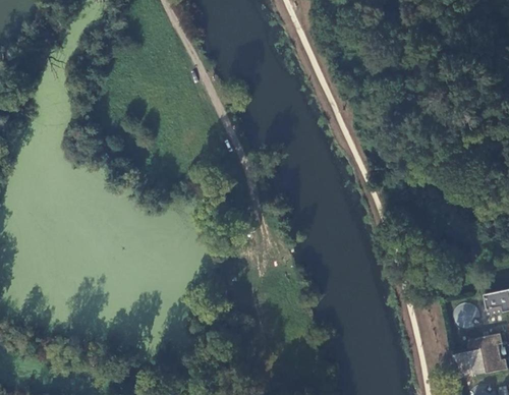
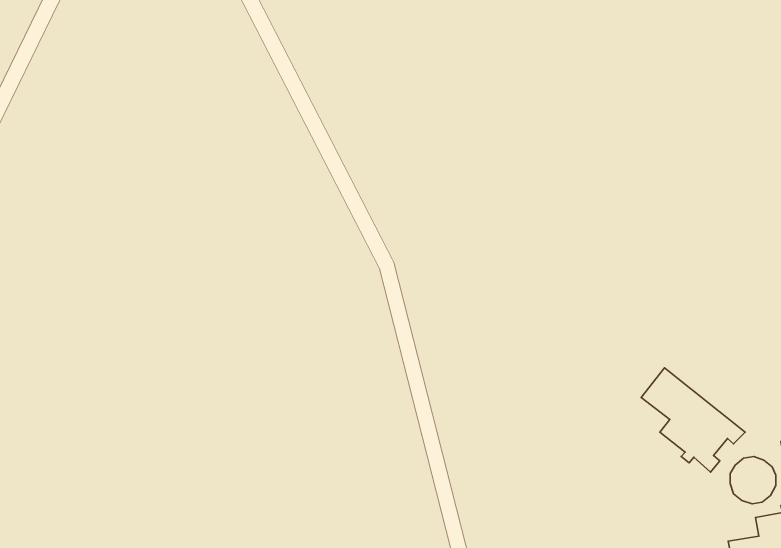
building: none -> [641,368,745,472]

